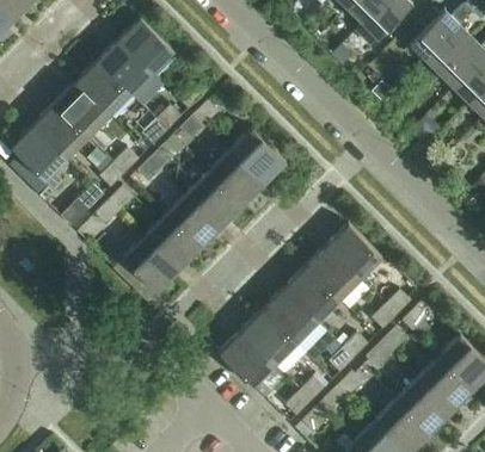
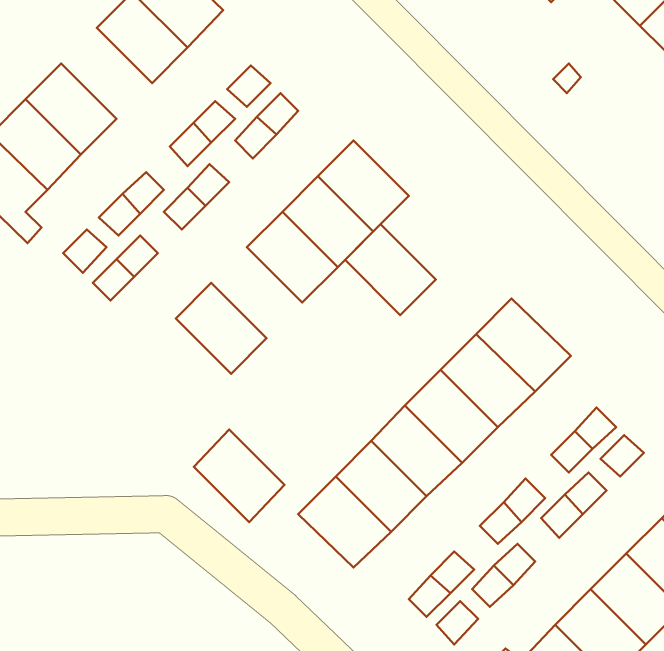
building: [75,61,130,116] -> none
building: [166,193,221,248] -> [345,224,436,315]
building: [123,236,178,292] -> [194,429,285,522]

